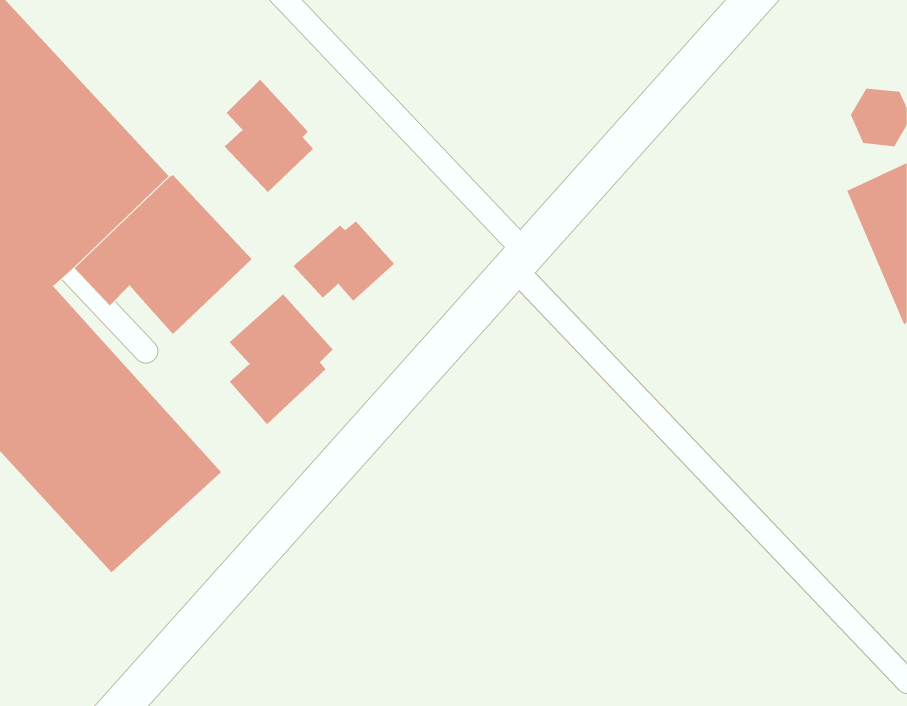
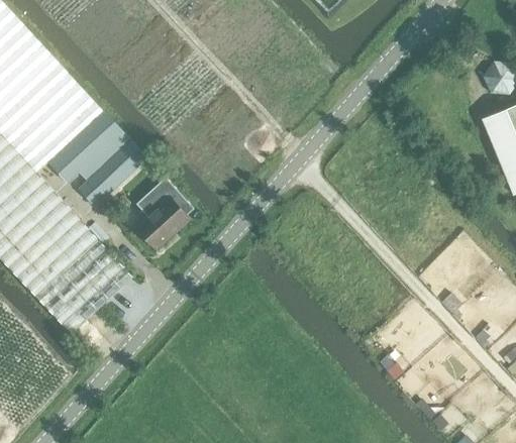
building: [224,79,314,193] -> none
building: [292,221,395,302] -> none

